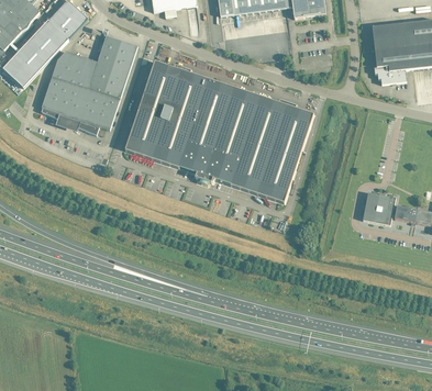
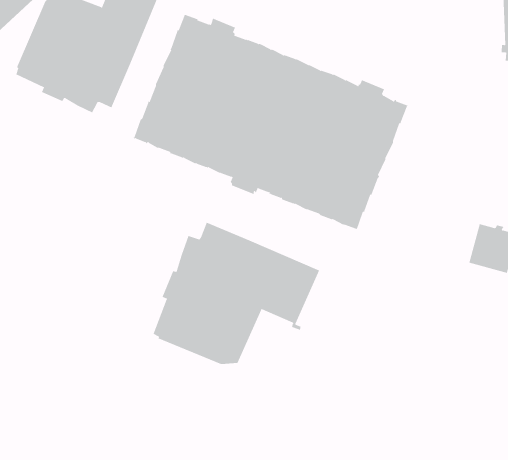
building: none -> [153,222,320,365]

